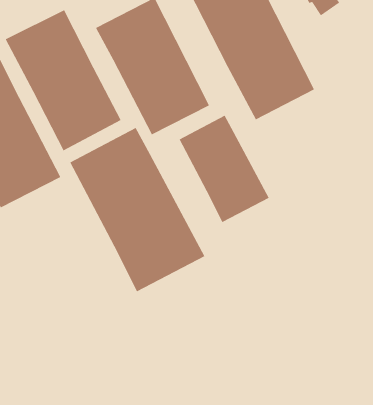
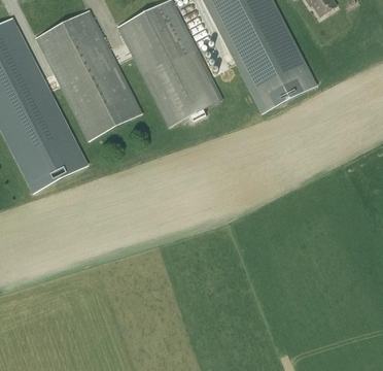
building: [179,115,269,223] -> none
building: [69,127,205,292] -> none

